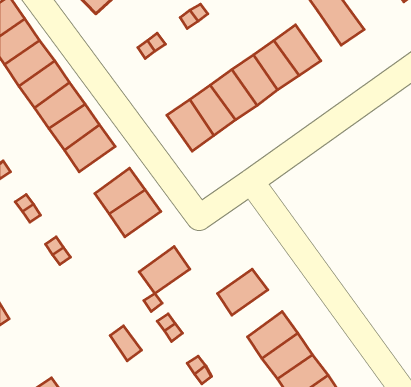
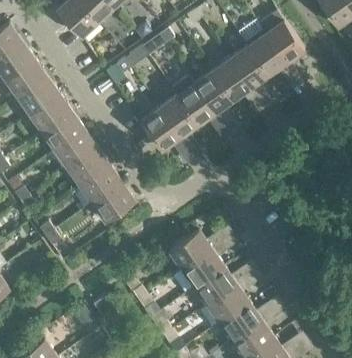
building: none -> [247,34,285,76]
building: none -> [67,147,109,186]
building: [139,246,190,293] -> [169,230,211,269]
building: none -> [194,266,236,305]

